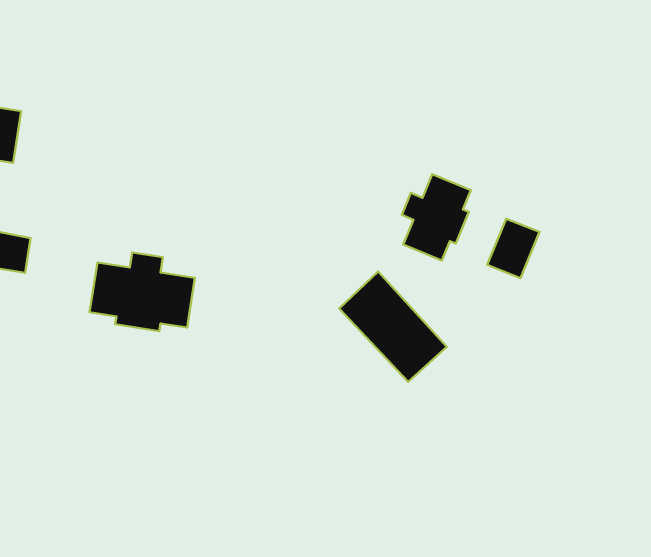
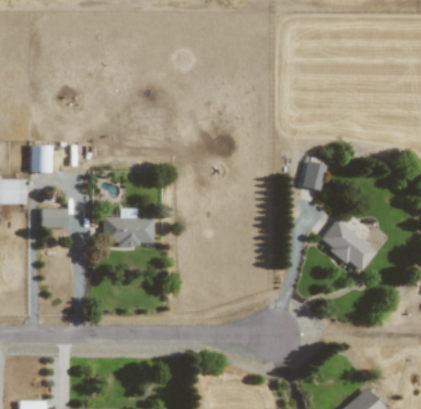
building: [402,174,471,260] -> none
building: [339,271,447,382] -> [319,218,377,272]

